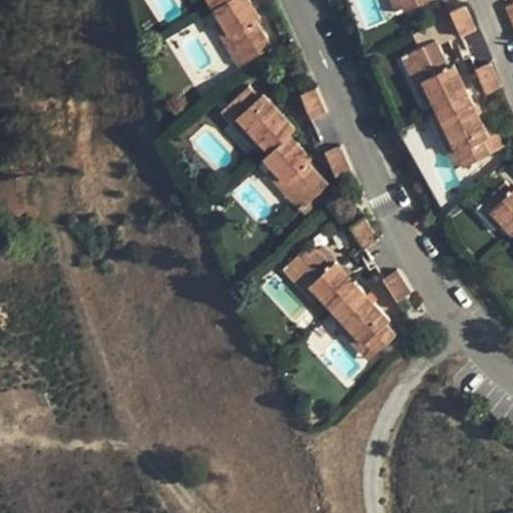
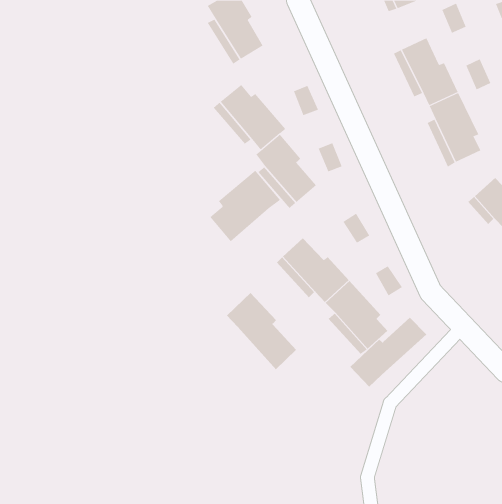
building: none -> [209,170,281,242]
building: none -> [226,292,297,370]
building: none -> [349,317,427,387]

